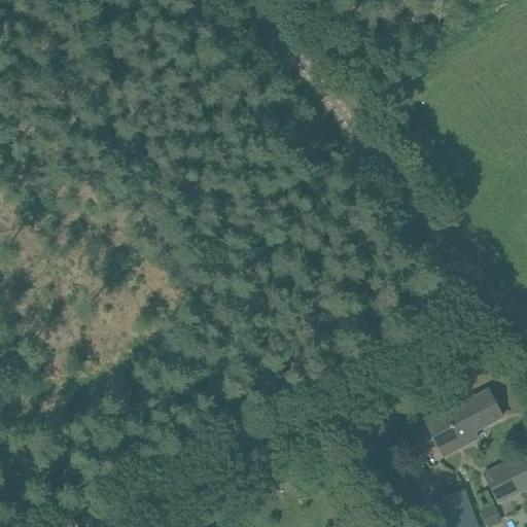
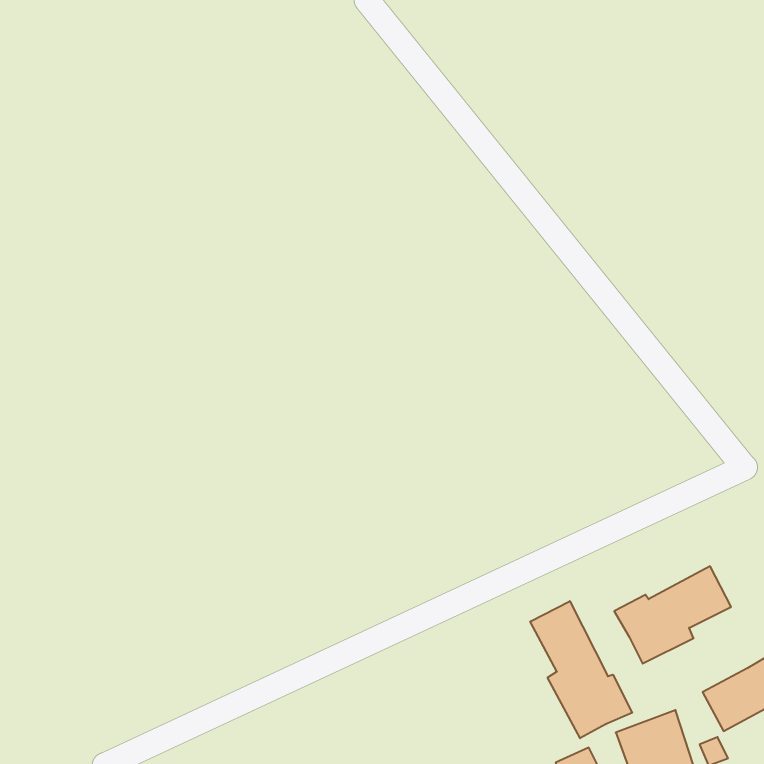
building: none -> [530,601,632,738]

